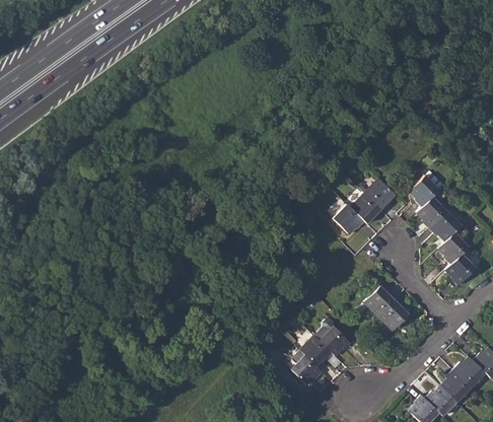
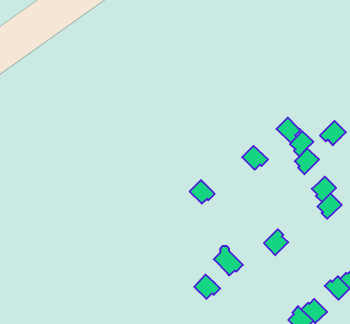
building: [365,179,396,210] -> [276,118,301,143]
building: [334,204,365,233] -> [190,180,215,204]
building: [429,210,462,240] -> [320,121,346,145]
building: [364,285,396,314] -> none
building: [301,335,333,364] -> none
building: [441,368,472,401] -> none

